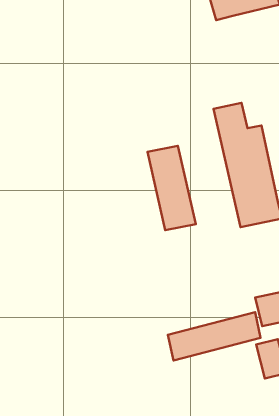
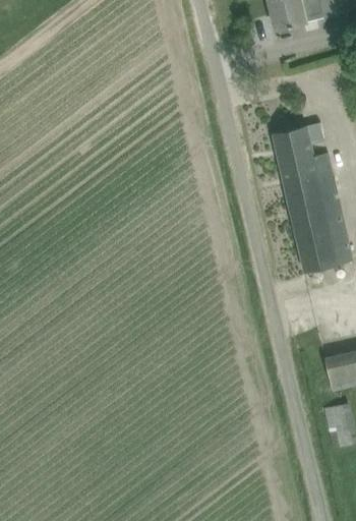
building: [147,146,196,230] -> none
building: [168,312,261,360] -> none

